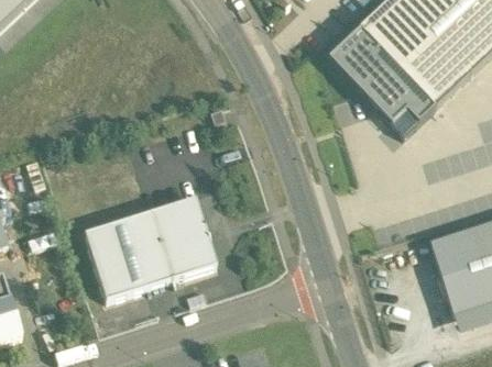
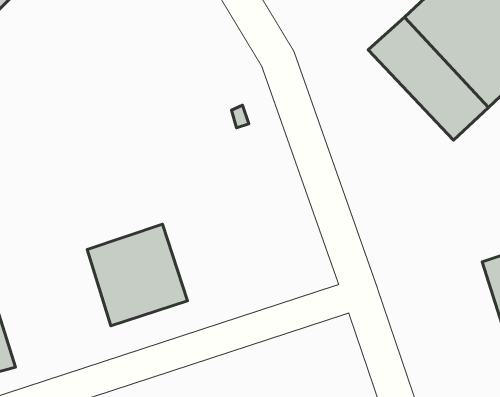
building: [150,197,217,278] -> none

